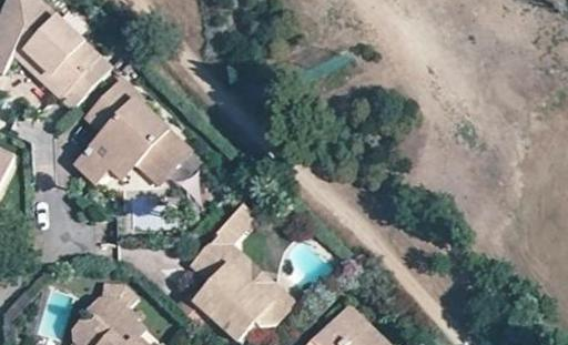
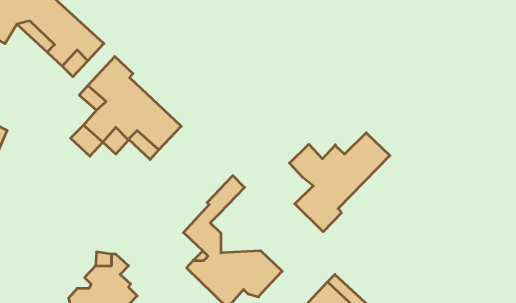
building: none -> [289,133,390,232]
building: [220,243,272,284] -> none

